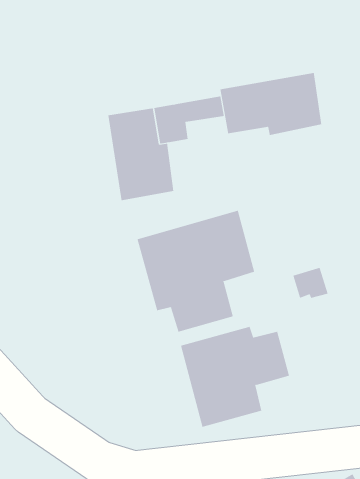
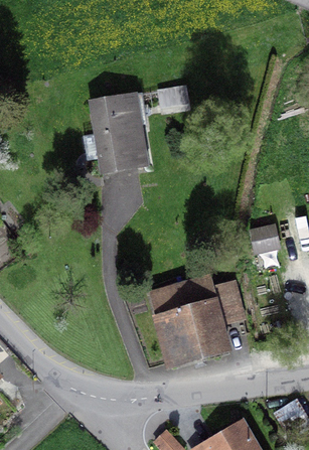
building: [220,72,322,136] -> none
building: [137,210,255,332] -> none

